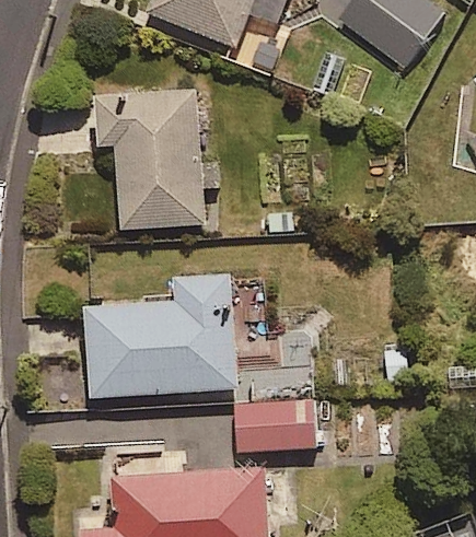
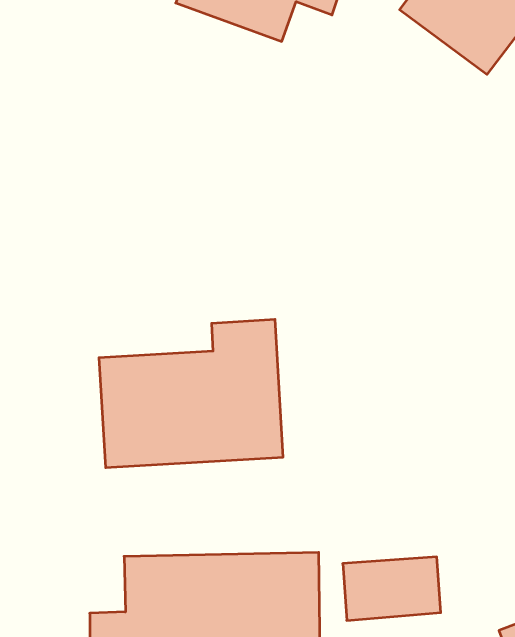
building: [95,91,220,226] -> none
building: [235,401,316,454] -> [343,557,441,620]

